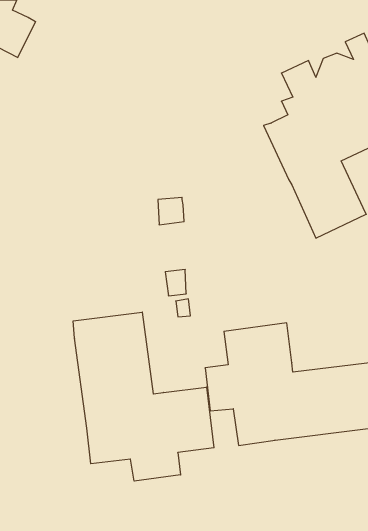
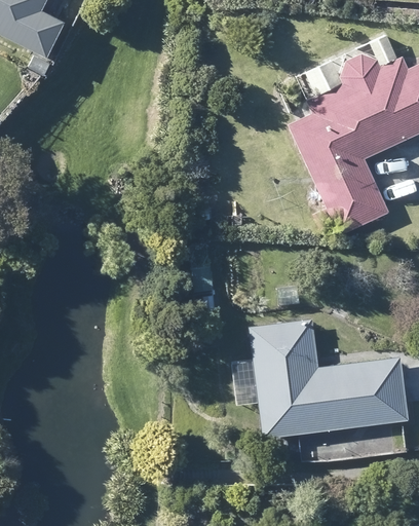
building: [73,312,214,481] -> none

